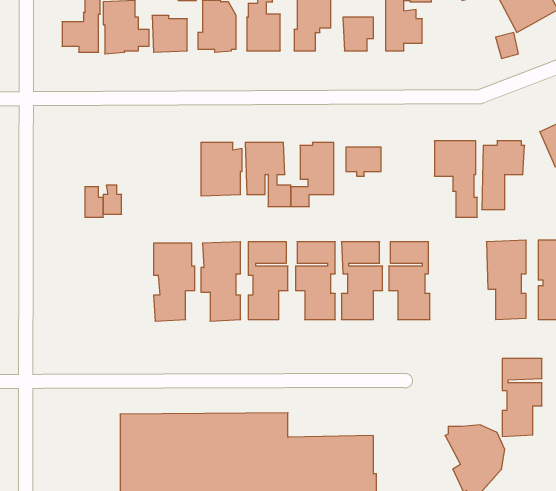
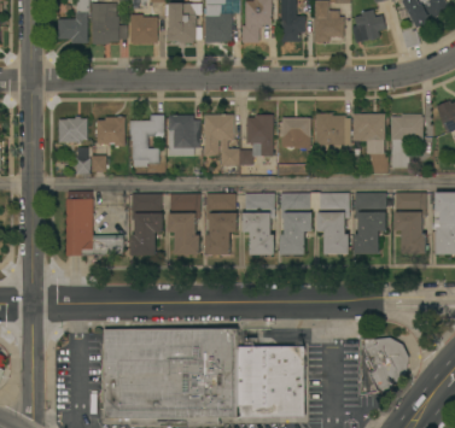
building: none -> [351,10,386,43]
building: none -> [315,113,350,149]
building: none -> [129,115,164,164]
building: none -> [58,116,87,142]
building: none -> [97,117,124,146]
building: none -> [65,190,123,256]
building: [502,359,542,436] -> [354,193,385,254]

